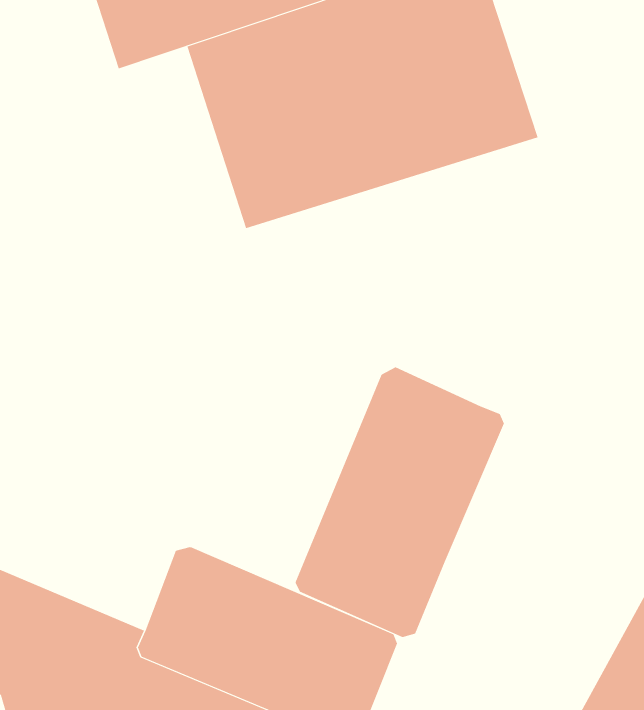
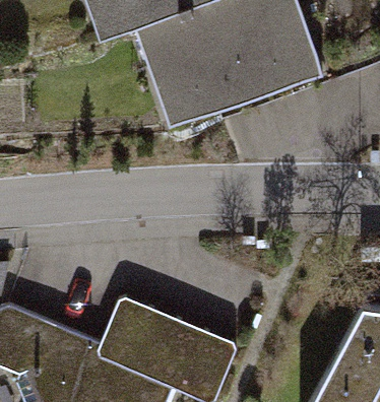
building: [295,367,505,638] -> none

